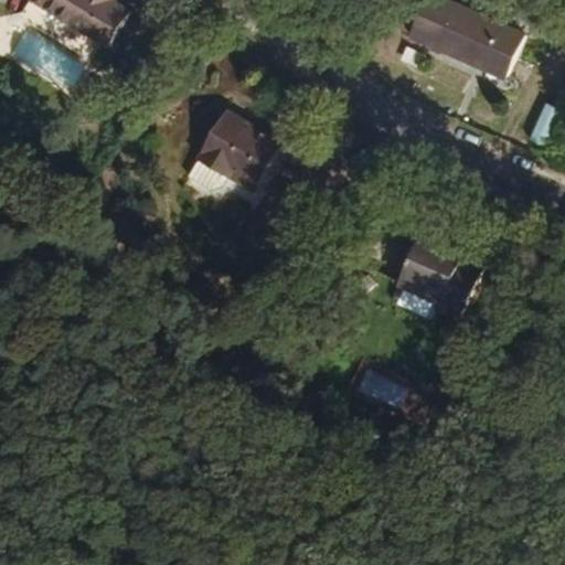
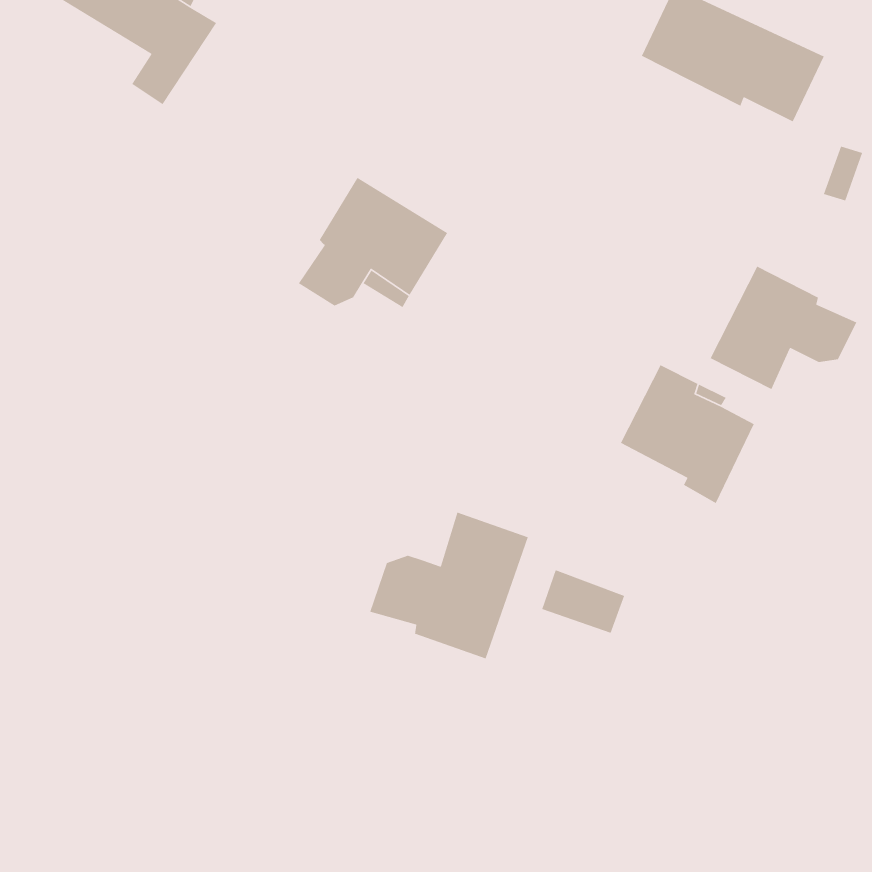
building: none -> [710,266,857,390]
building: none -> [369,512,529,659]

